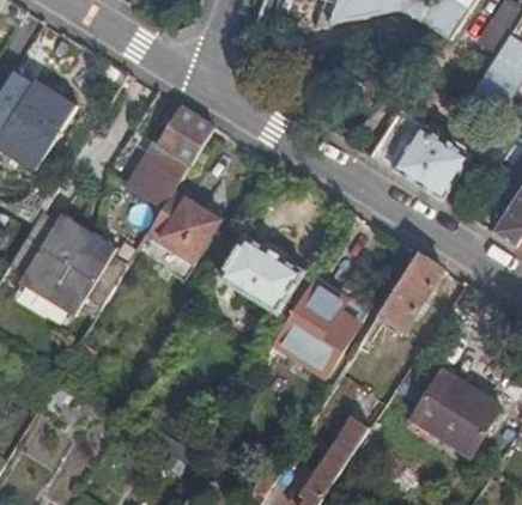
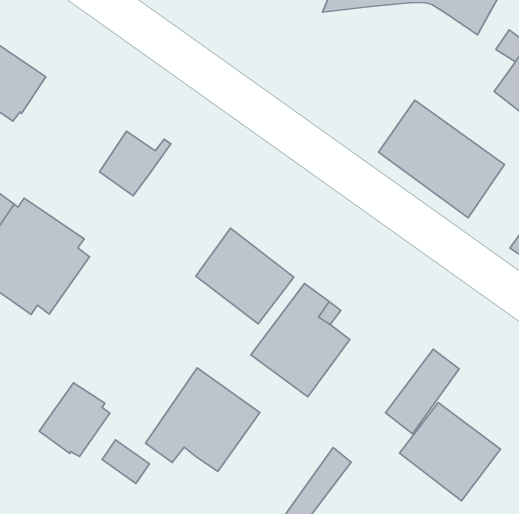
building: [158,103,212,159] -> none
building: [136,187,221,278] -> none
building: [380,252,442,328] -> [385,349,459,434]
building: none -> [145,368,260,472]
building: none -> [39,383,110,457]

